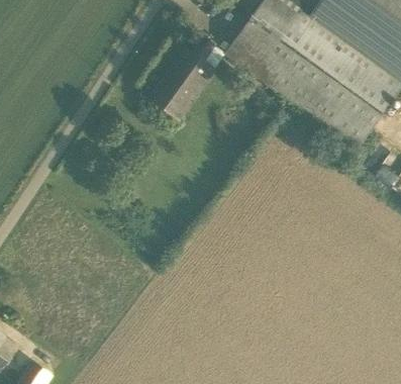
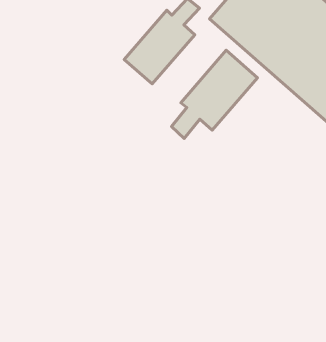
building: none -> [171,50,258,138]

